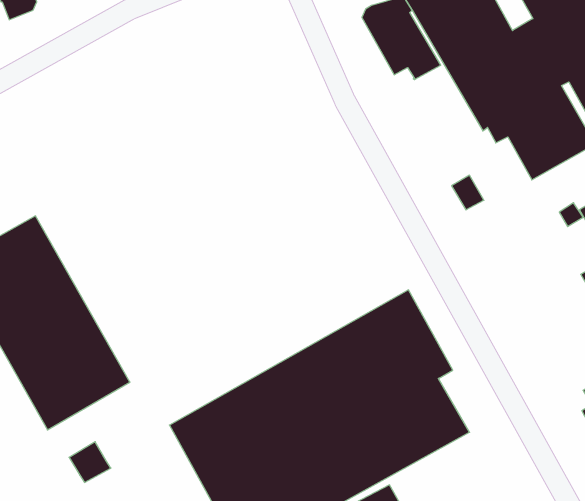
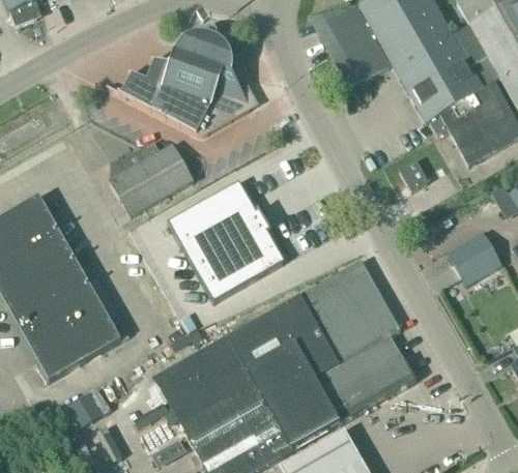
building: none -> [107,34,259,134]
building: none -> [109,140,193,215]
building: none -> [167,180,284,301]
building: none -> [448,231,501,284]

